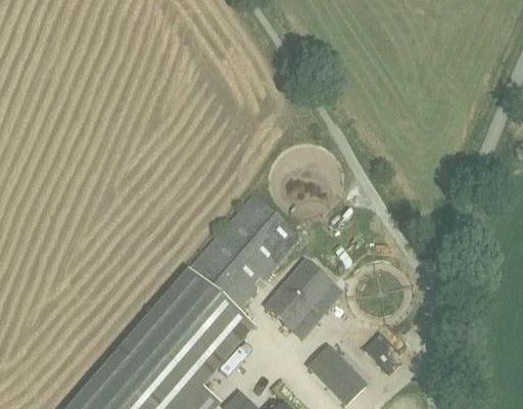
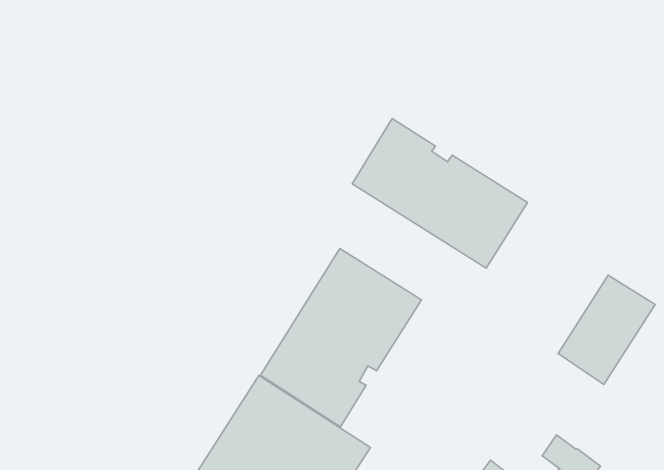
building: none -> [352,118,528,268]
building: [266,259,333,329] -> [558,275,655,385]

